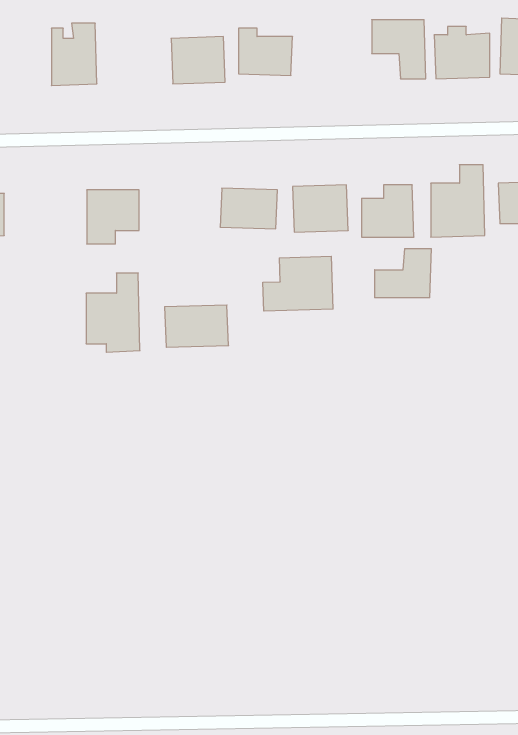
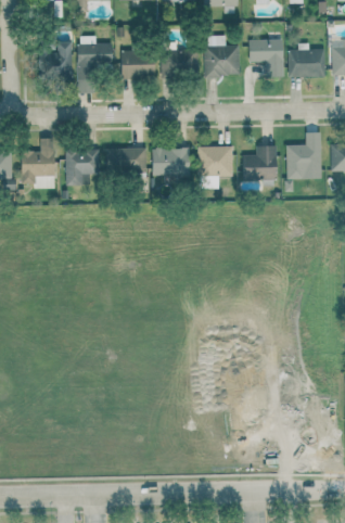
building: none -> [77,35,112,93]
building: none -> [204,35,240,77]
building: [375,249,431,298] -> none
building: [263,256,333,311] -> none
building: [86,273,140,352] -> [22,138,56,189]
building: [165,305,229,347] -> [106,146,148,174]

